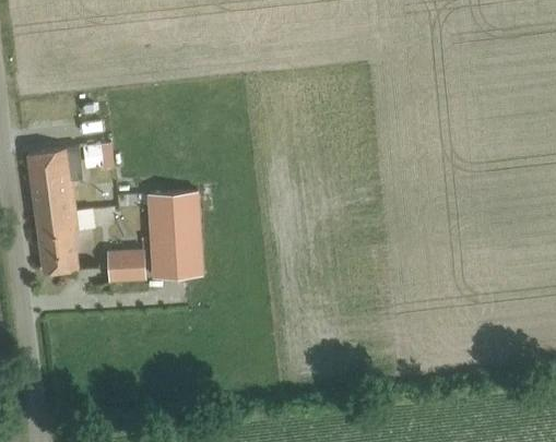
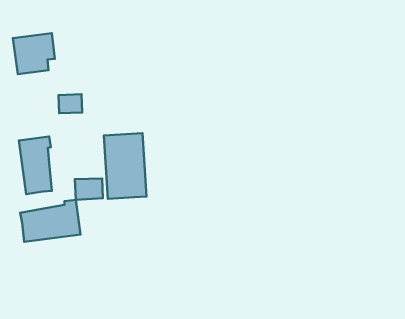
building: [27,148,83,203] -> [13,33,55,74]
building: none -> [20,200,80,242]

